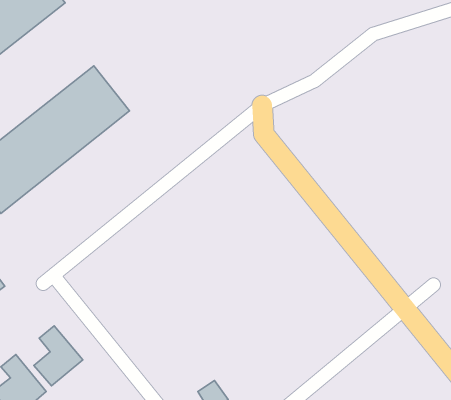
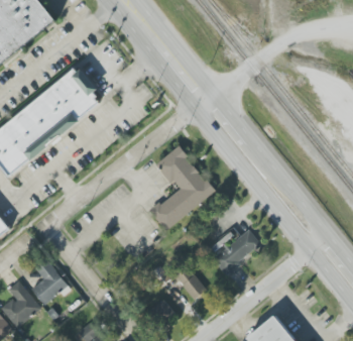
building: none -> [149,145,214,229]
building: none -> [207,228,261,273]
building: none -> [177,266,206,300]

